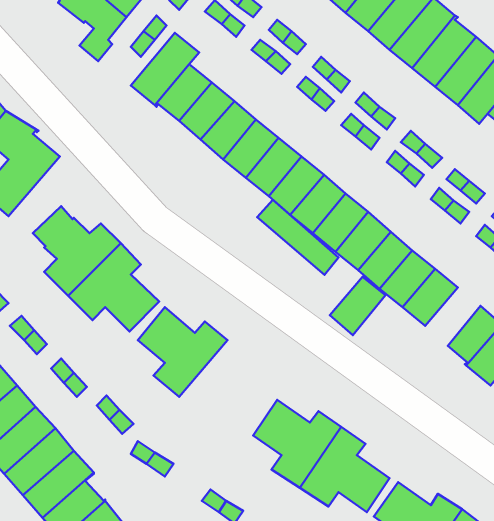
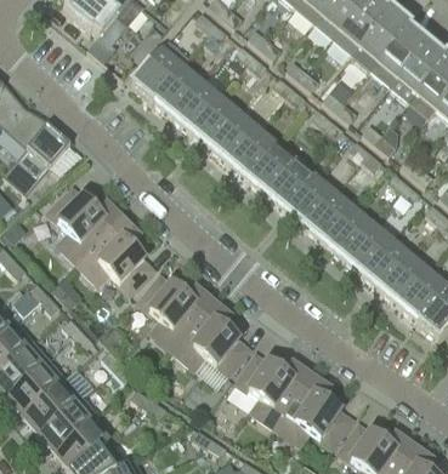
building: [257,200,339,275] -> none
building: [330,277,385,335] -> [380,255,427,304]
building: none -> [170,299,248,373]

